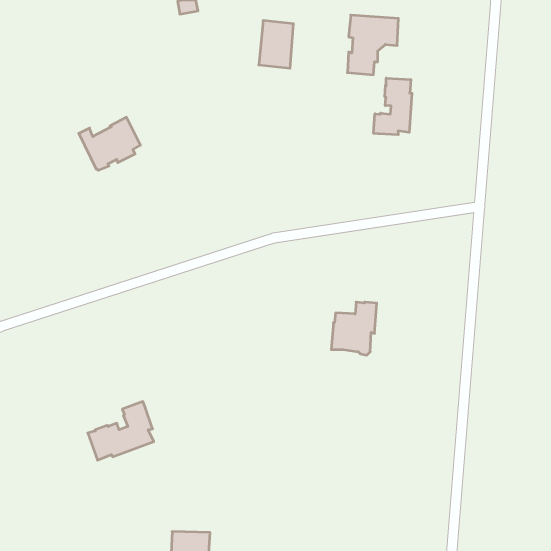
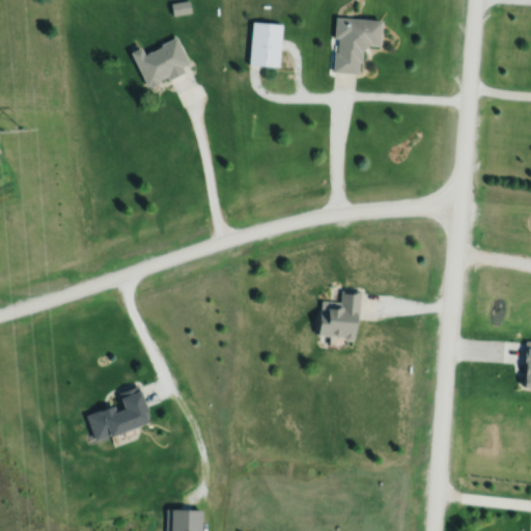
building: [374,78,412,135] -> none
building: [79,117,140,170] -> [132,36,191,87]

